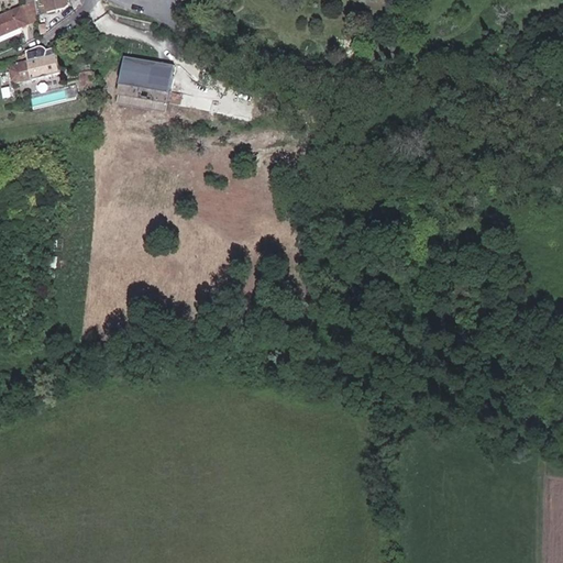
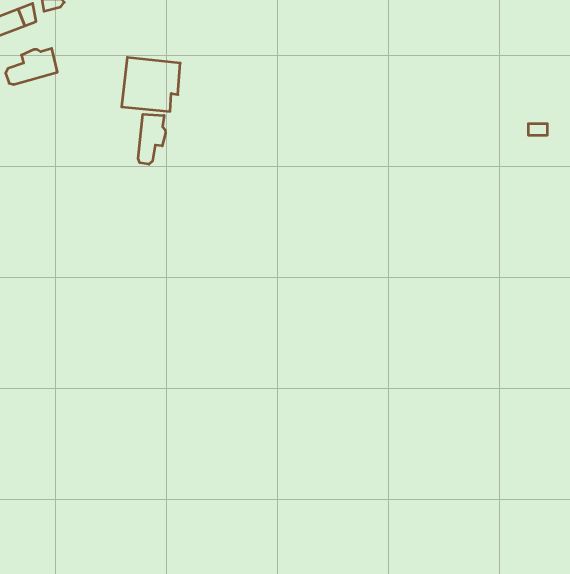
building: none -> [138,114,166,164]

